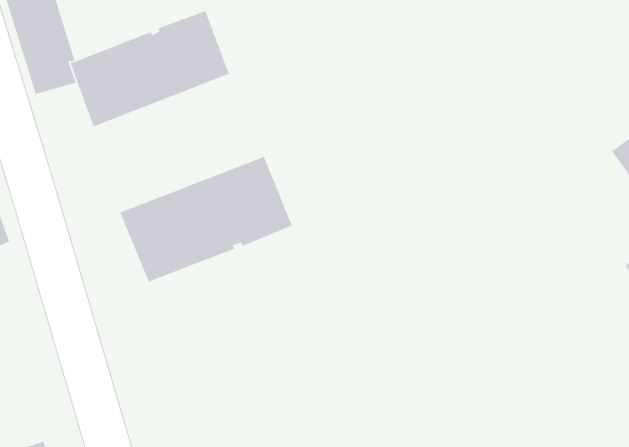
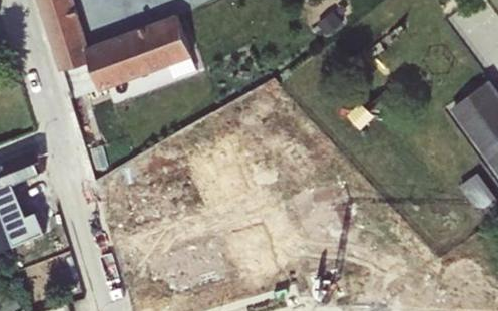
building: [119,156,293,283] -> none

